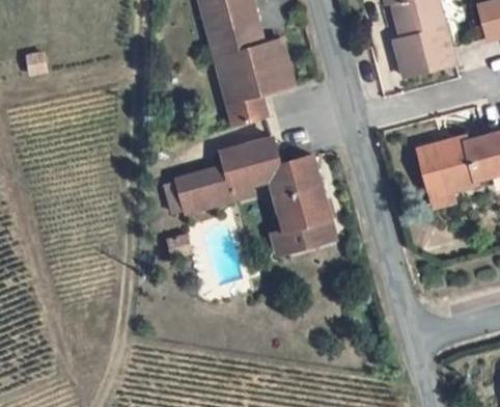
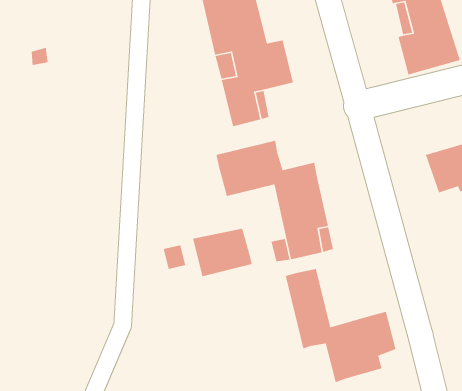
building: [167,167,226,216] -> [192,228,252,277]
building: none -> [285,268,396,383]

